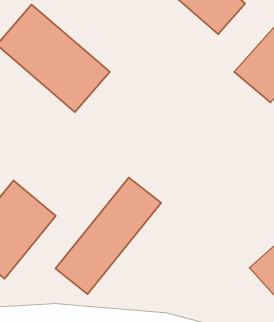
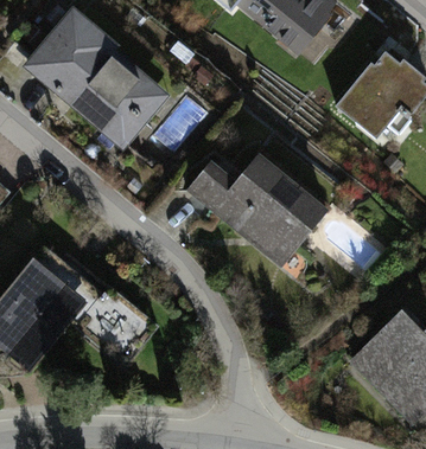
building: none -> [184,156,323,267]
building: [55,177,161,294] -> none

